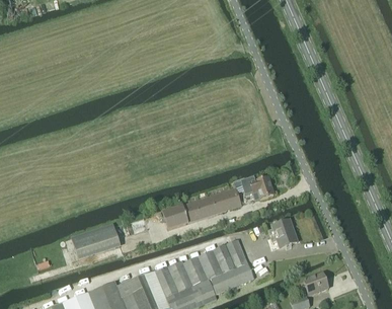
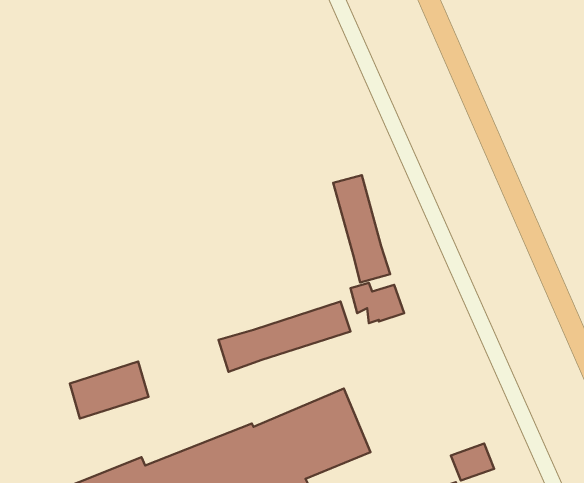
building: none -> [333,175,390,283]
building: [267,219,298,247] -> none

